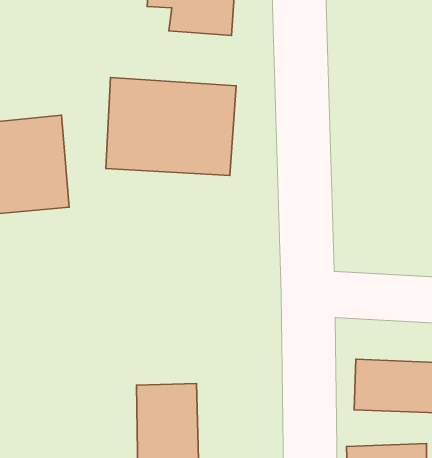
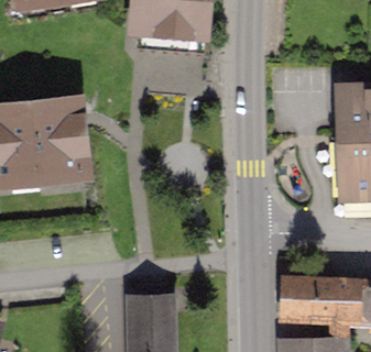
building: [106,77,236,176] -> none

